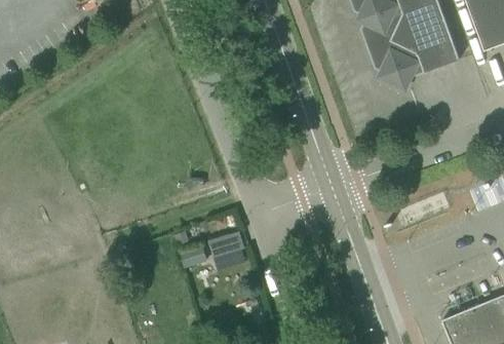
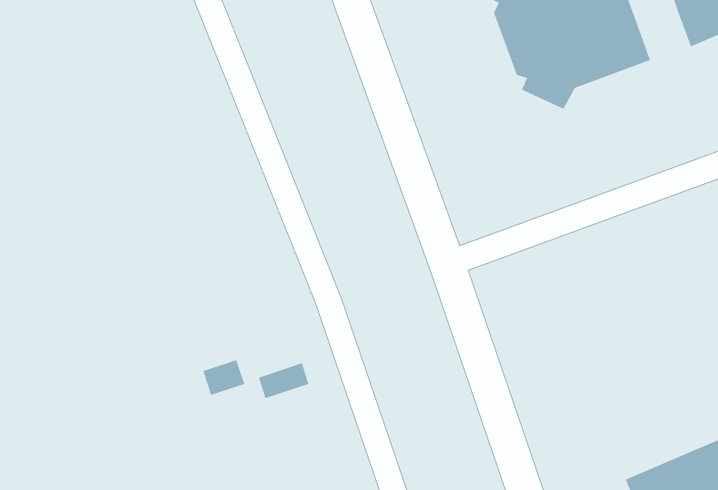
building: [208,231,244,258] -> none

